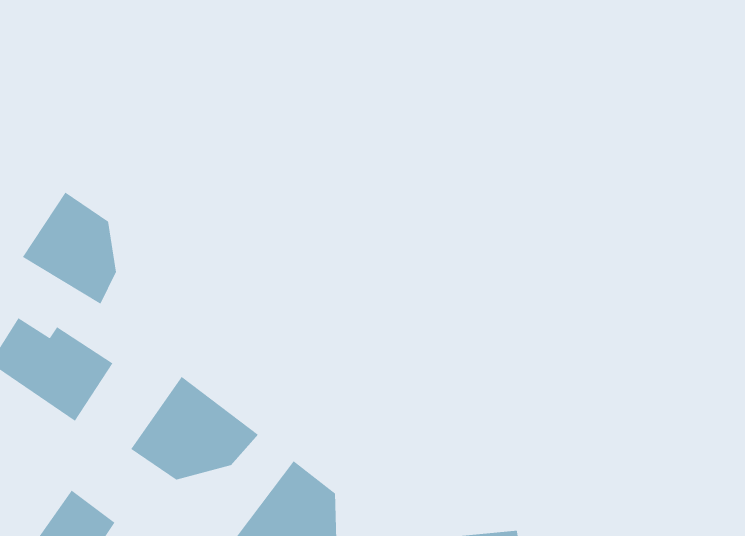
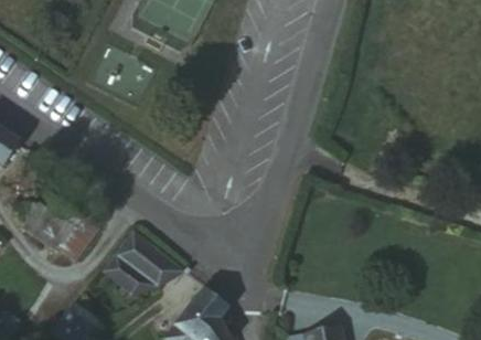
building: [22,192,117,305] -> none

